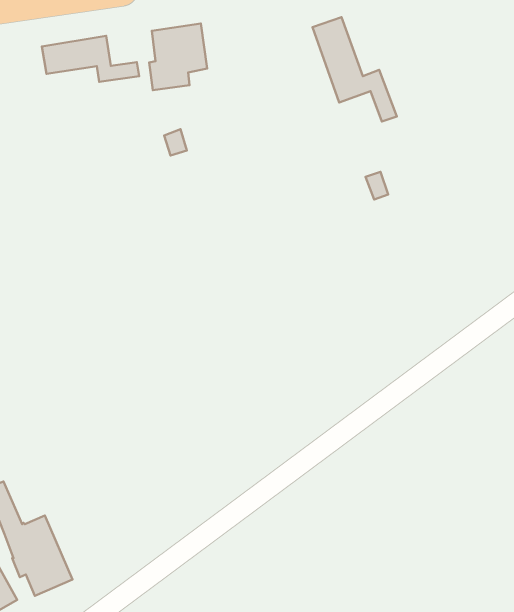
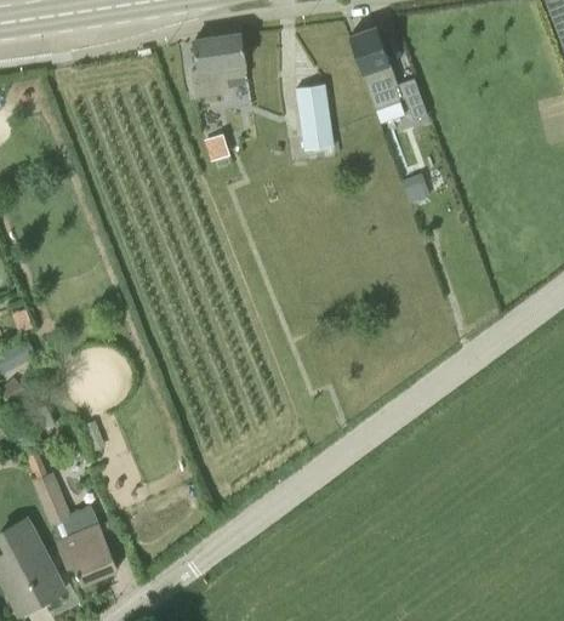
building: [42,36,139,82] -> none
building: none -> [296,84,334,149]

